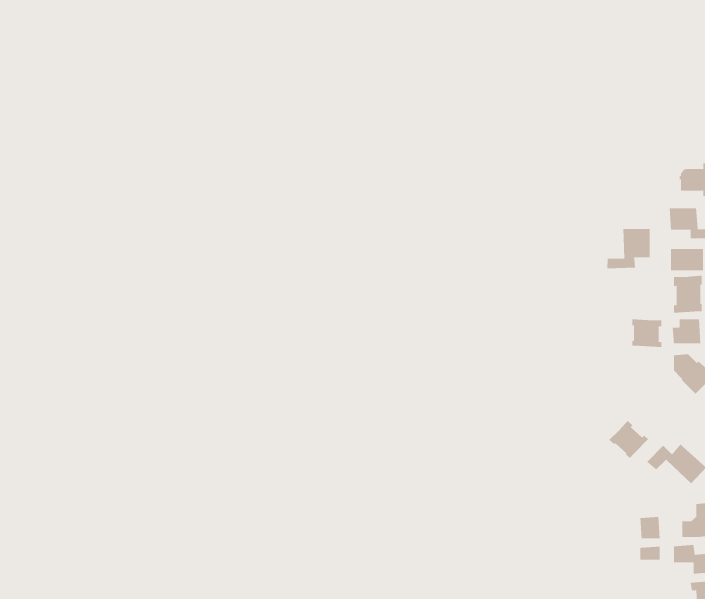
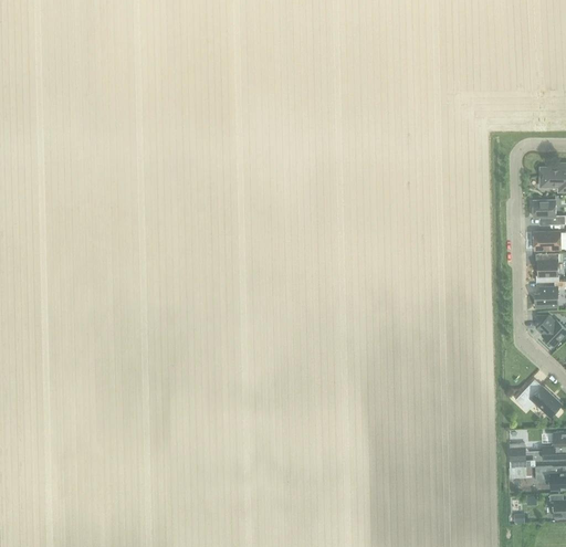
building: [607,228,650,269] -> none
building: [632,319,662,348] -> none
building: [609,420,649,459] -> none

